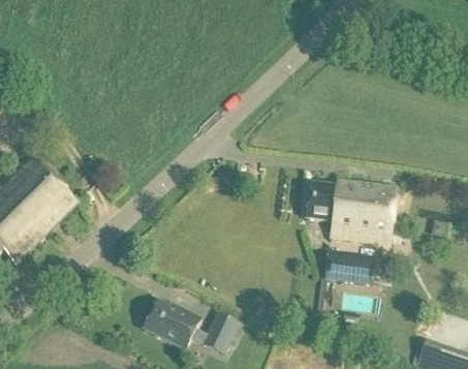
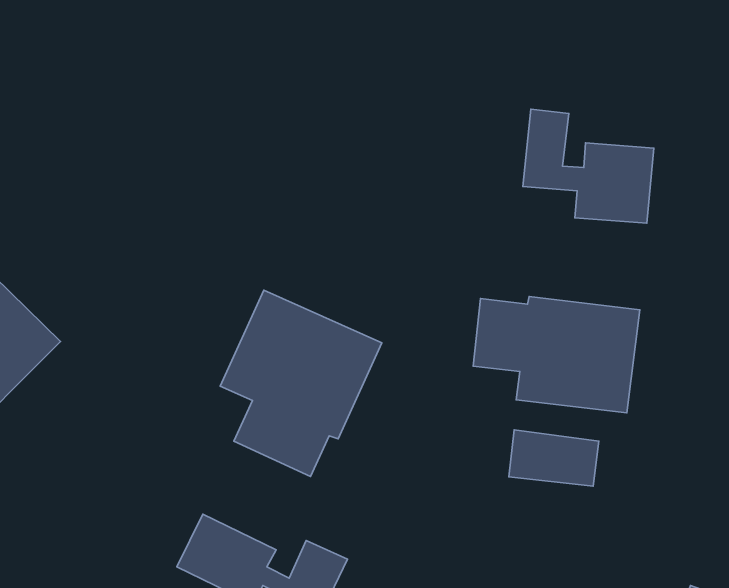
building: none -> [523,109,654,223]
building: none -> [220,290,382,477]

